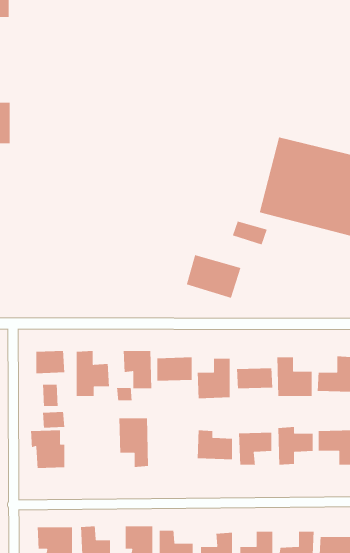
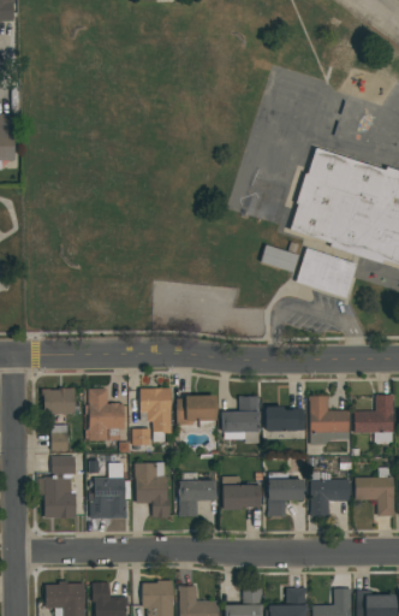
building: [186,254,241,299] -> [296,249,357,298]
building: none -> [91,463,126,520]
building: none -> [178,480,215,517]

